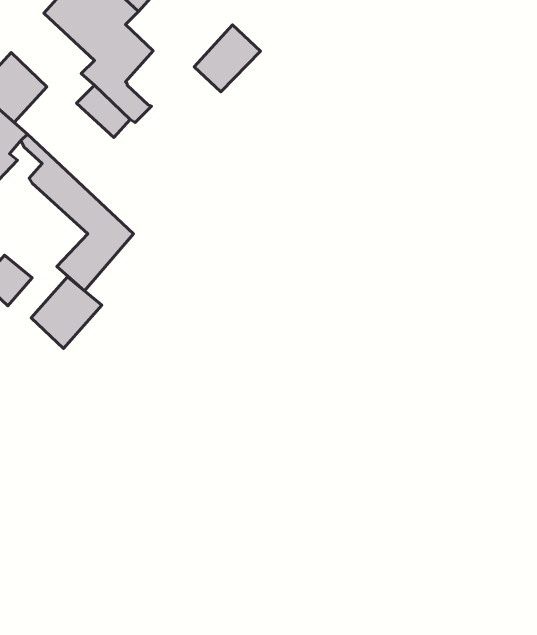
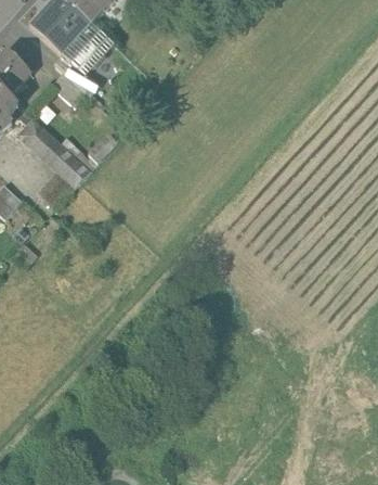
building: [194,25,260,92] -> none
building: [31,277,102,348] -> none

